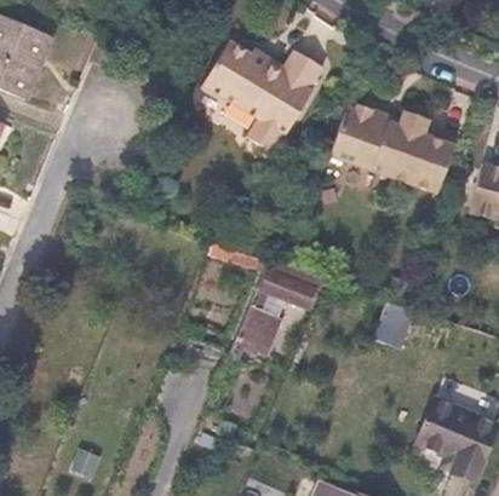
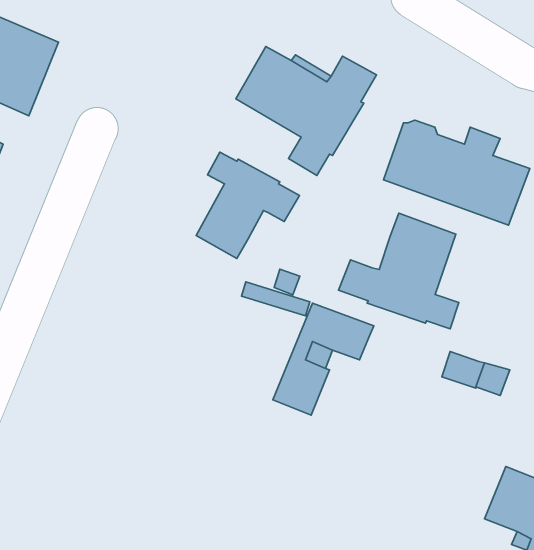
building: none -> [196,152,299,259]
building: none -> [339,213,459,329]

